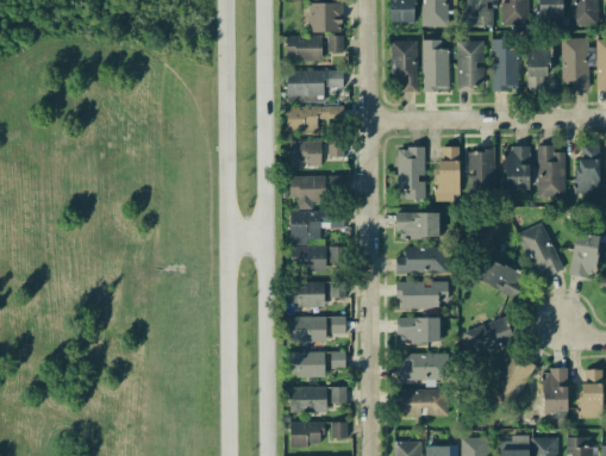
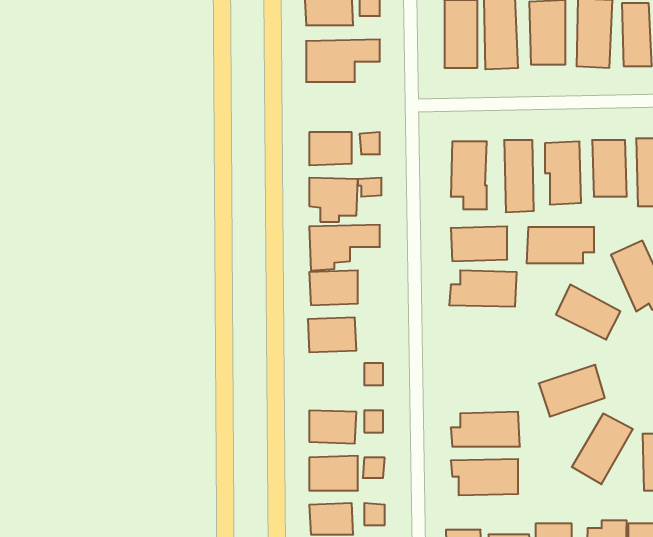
building: [288,106,343,129] -> none
building: [398,281,449,308] -> [527,227,594,263]
building: [289,316,327,342] -> none
building: [399,317,442,343] -> none

